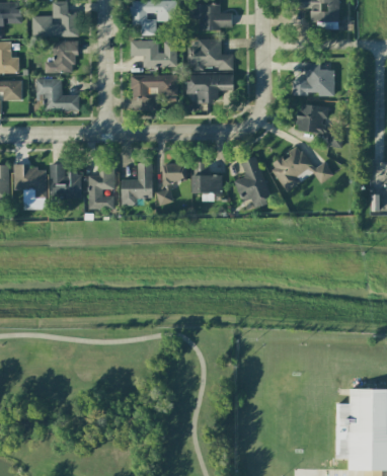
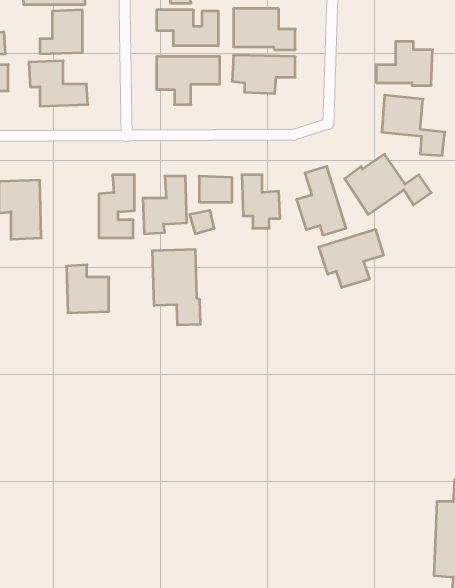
building: [50,163,81,199] -> [66,265,109,313]
building: none -> [319,229,383,288]
building: none -> [152,249,200,325]

